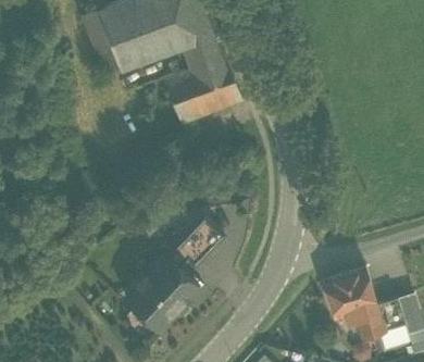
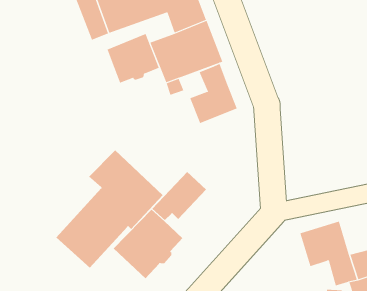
building: none -> [107,33,160,83]
building: none -> [190,63,238,124]
building: none -> [56,149,164,269]

